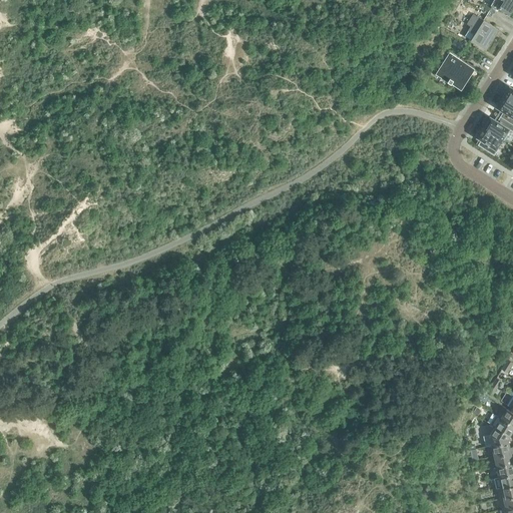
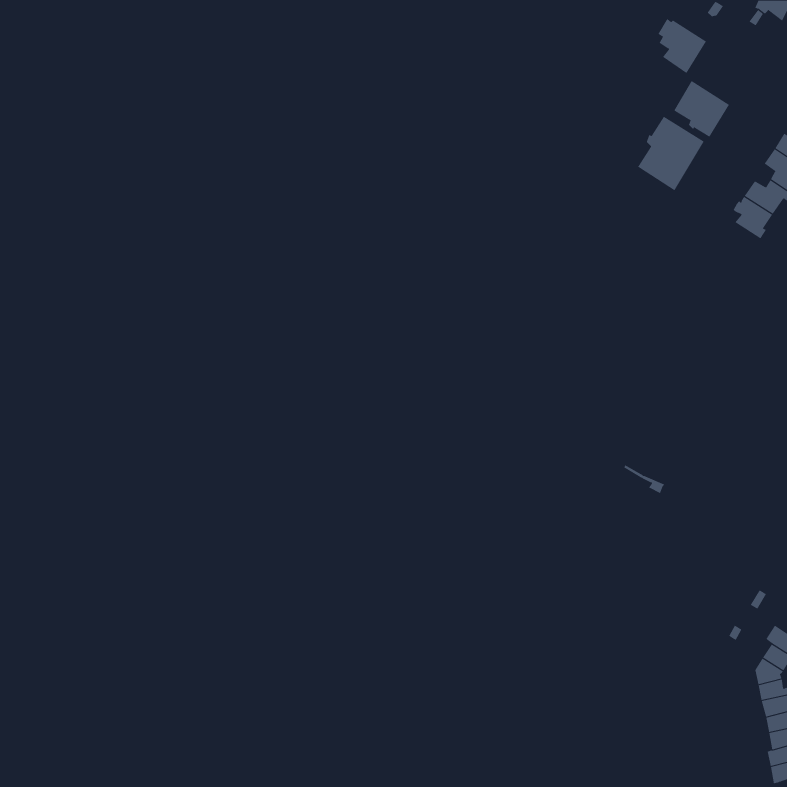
building: [468,15,500,51] -> [657,18,707,74]
building: none -> [633,116,704,191]

